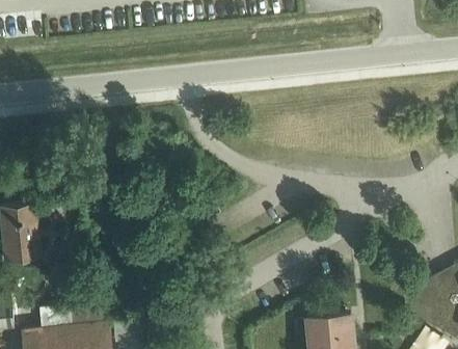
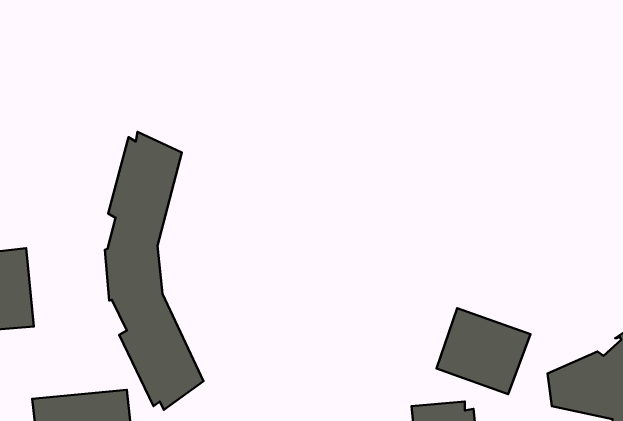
building: none -> [105,132,204,410]
building: none -> [436,308,530,394]

